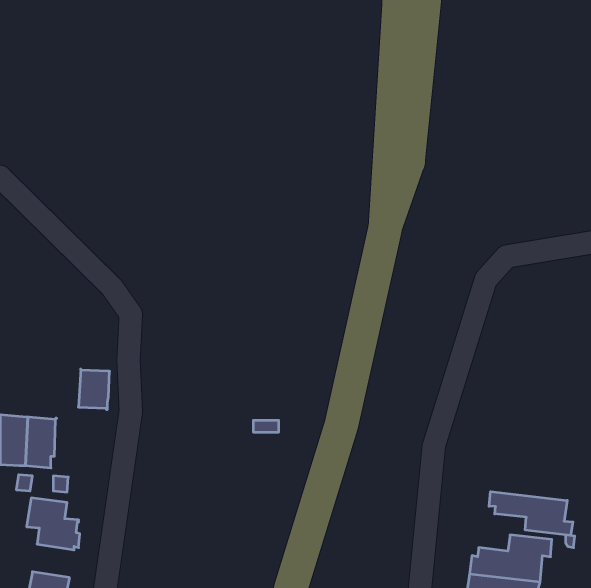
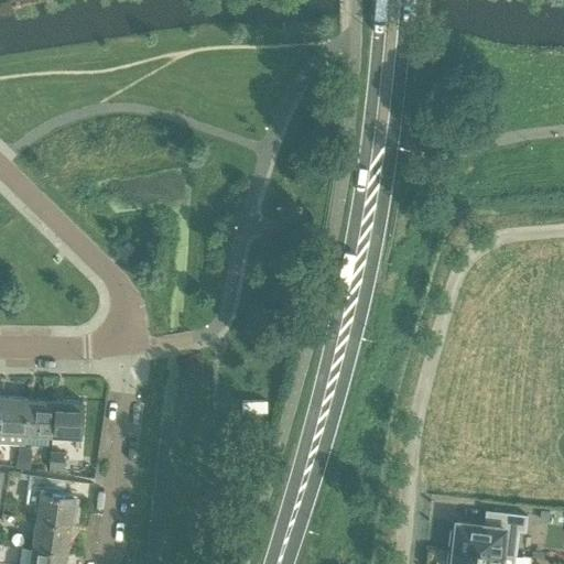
building: [78,369,110,409] -> [52,401,82,440]
building: [489,492,573,535] -> none
building: none -> [31,521,70,553]

